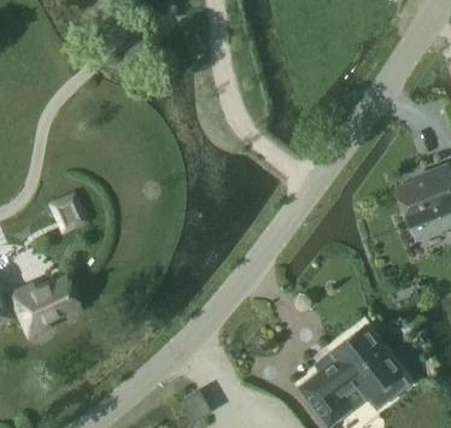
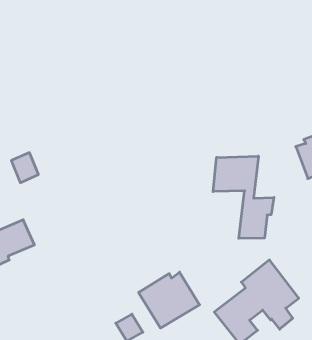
building: none -> [213,156,274,238]
building: none -> [139,272,200,328]

